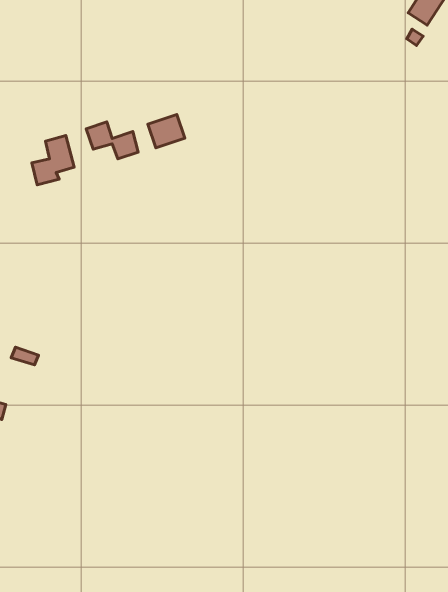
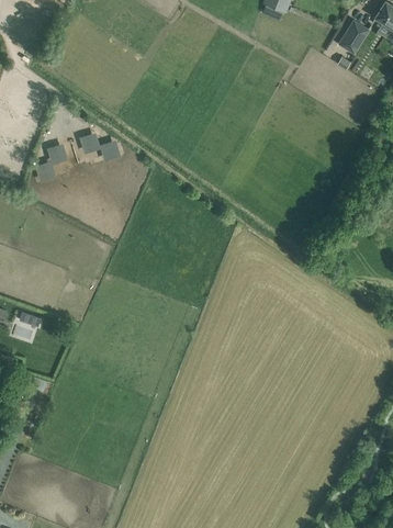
building: [148,114,185,148] -> none

